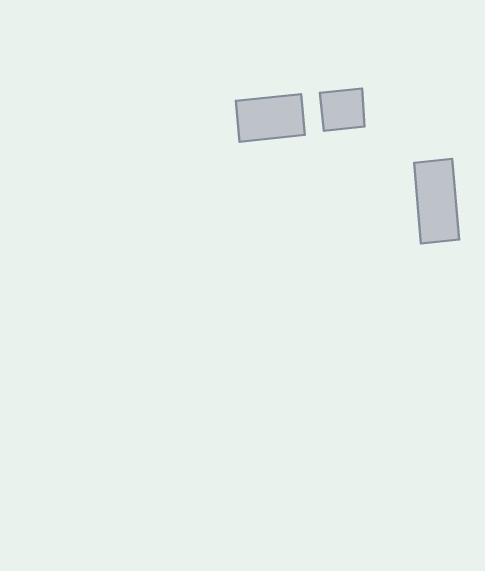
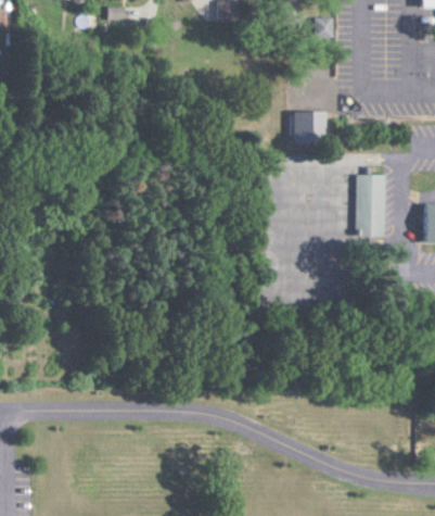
building: [236,94,305,142] -> none

